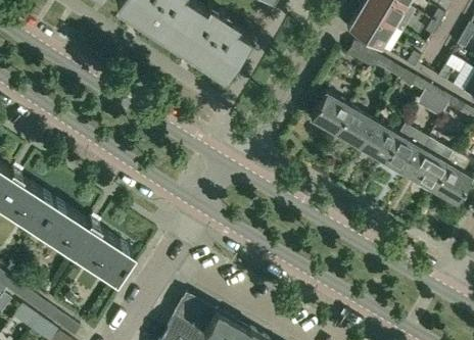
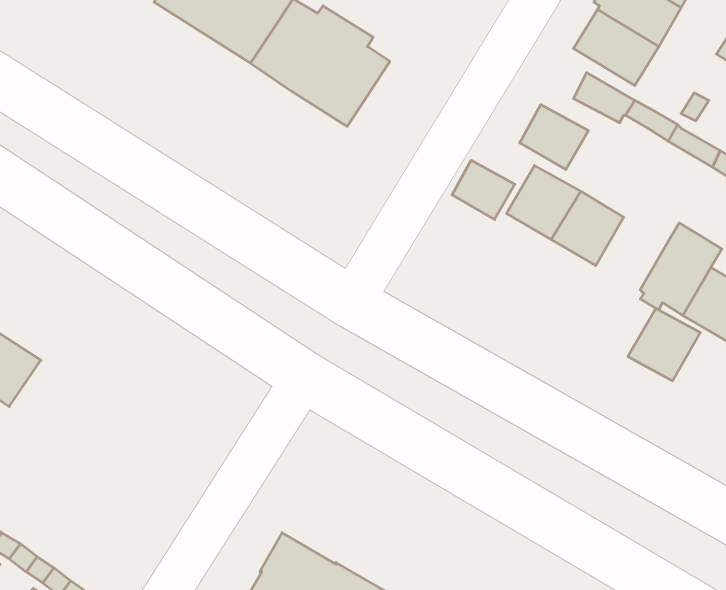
building: none -> [520,105,588,170]
building: none -> [452,160,515,220]
building: [360,124,399,163] -> [628,308,700,381]
building: [37,202,131,278] -> none

